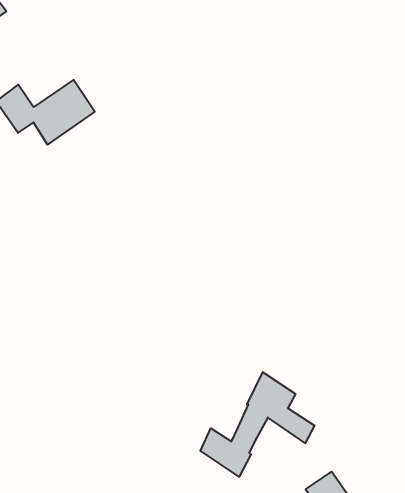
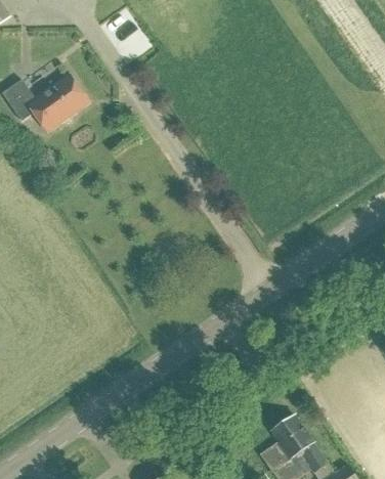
building: [200,372,314,477] -> none

